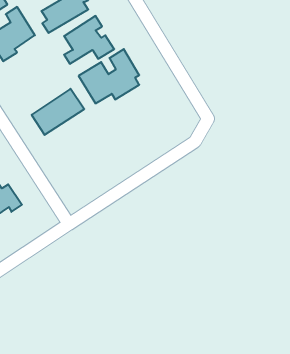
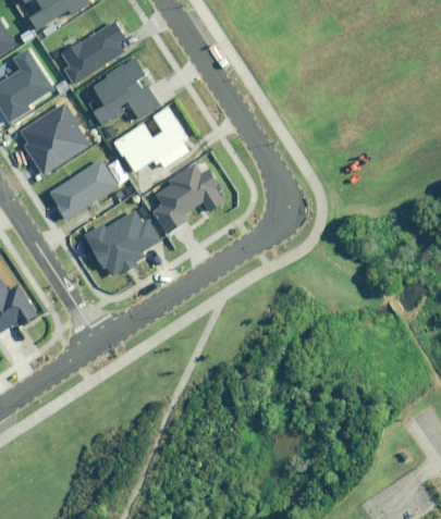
building: none -> [20,102,90,173]
building: none -> [152,164,225,232]
building: none -> [83,211,159,274]

